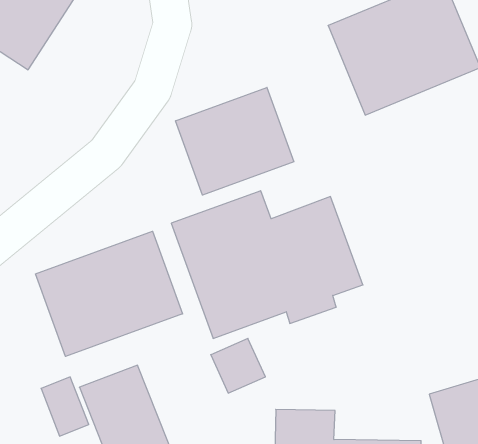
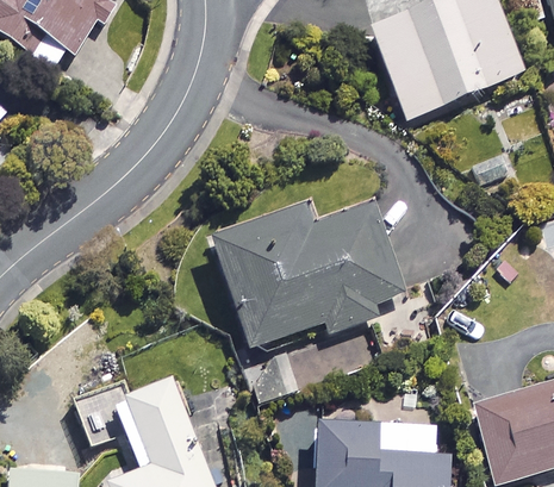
building: [176,87,294,195] -> none
building: [36,231,183,356] -> none

